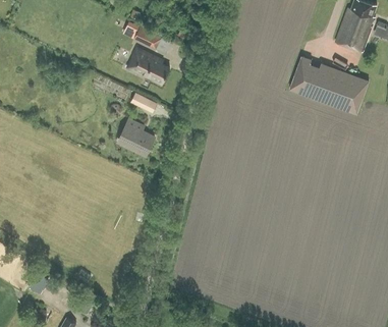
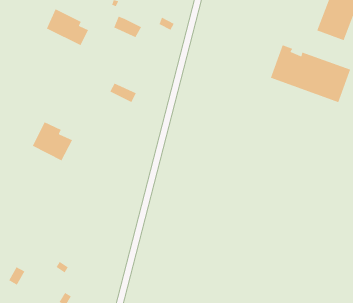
building: [128,46,171,84] -> [46,8,89,46]
building: [115,117,156,157] -> [32,121,73,162]

